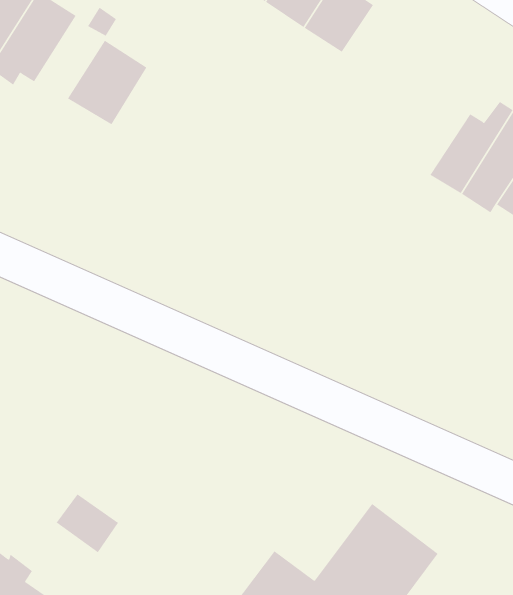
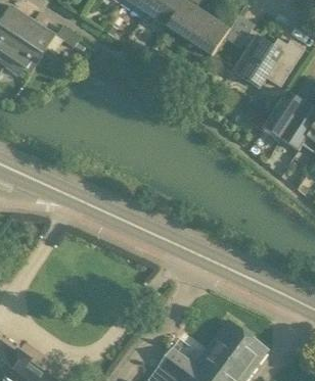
building: none -> [234,31,304,87]
building: [67,40,147,125] -> none
building: [56,493,119,553] -> none

